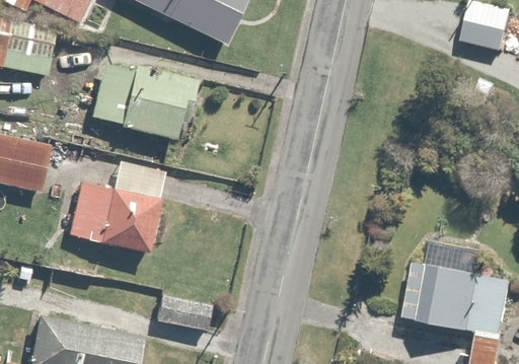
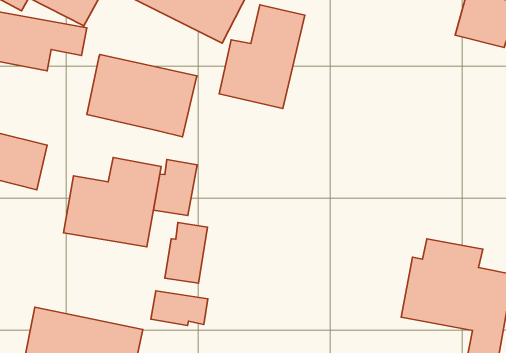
building: none -> [219,5,305,109]
building: none -> [154,159,197,216]
building: none -> [165,222,208,283]

